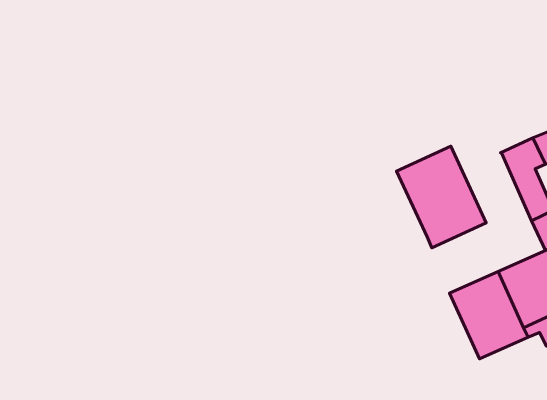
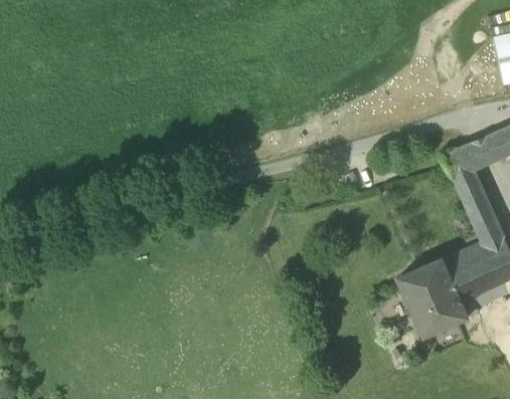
building: [396,146,486,248] -> none

